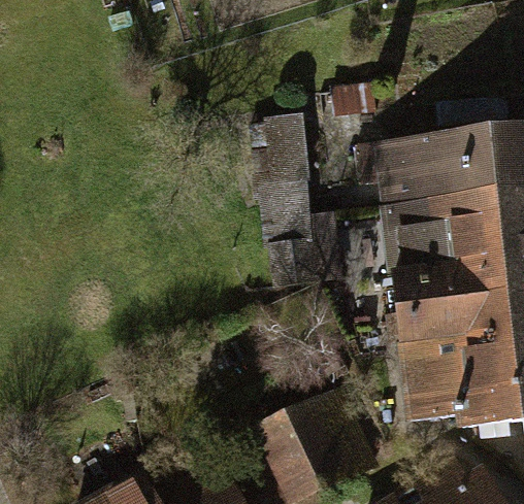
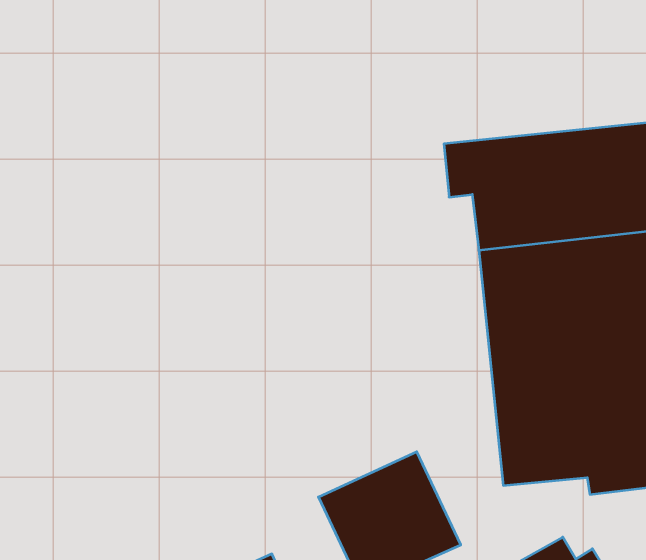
building: [265,123,337,292] -> none

